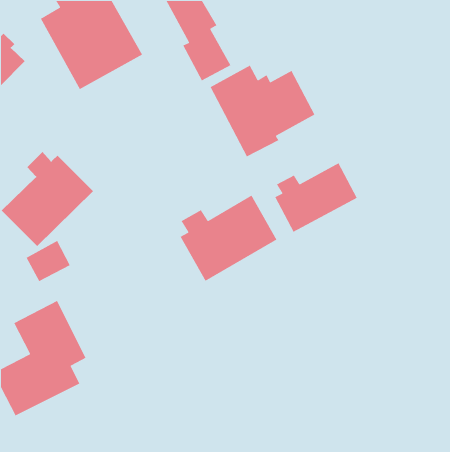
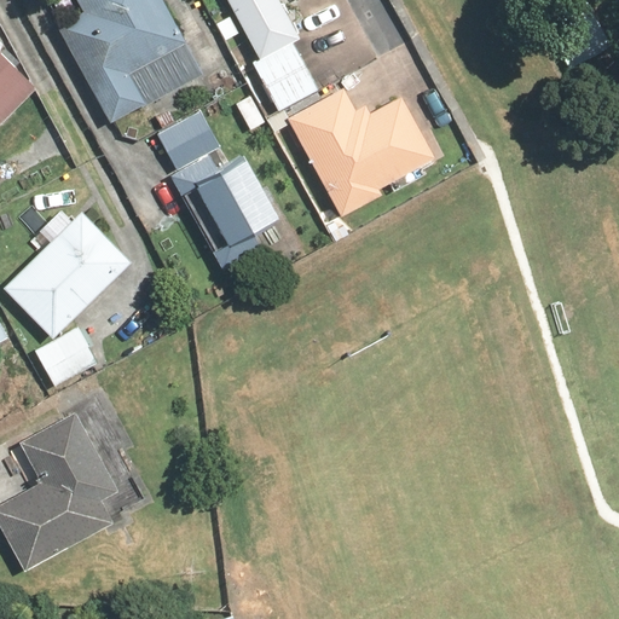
building: none -> [160,110,277,265]
building: [274,162,358,233] -> none
building: [180,195,278,282] -> none

